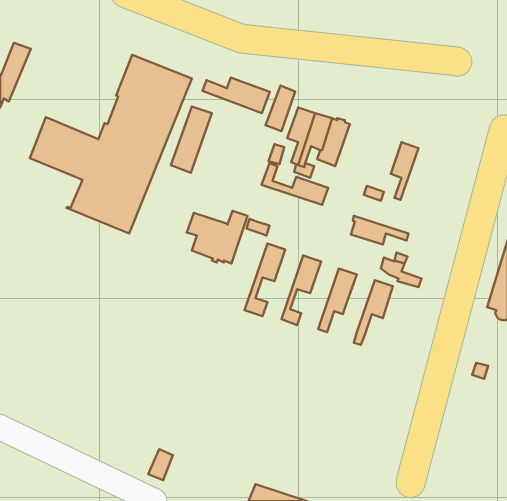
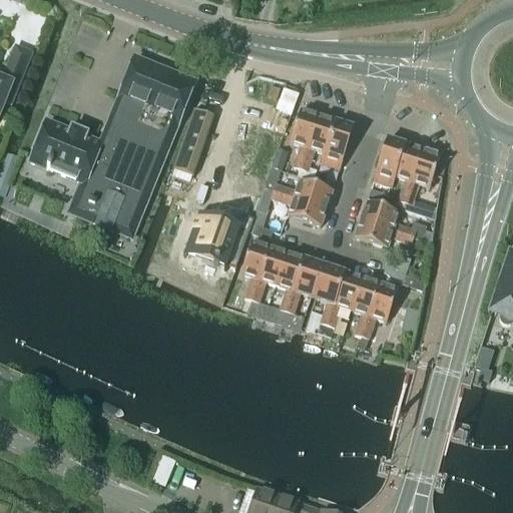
building: [202,77,270,113] -> none
building: none -> [374,137,406,185]
building: none -> [403,149,440,218]
building: none -> [255,186,326,224]
building: none -> [358,200,431,240]
building: none -> [241,239,271,313]
building: none -> [266,251,307,324]
building: none -> [314,264,343,332]
building: none -> [350,277,379,335]

